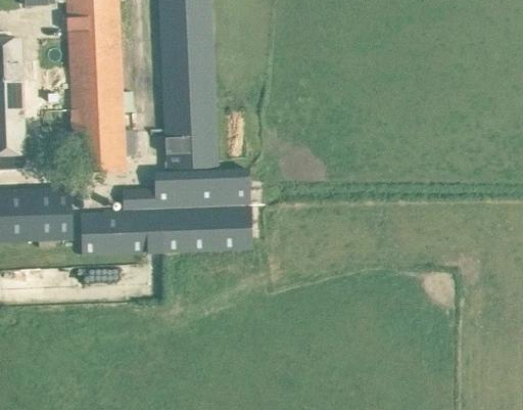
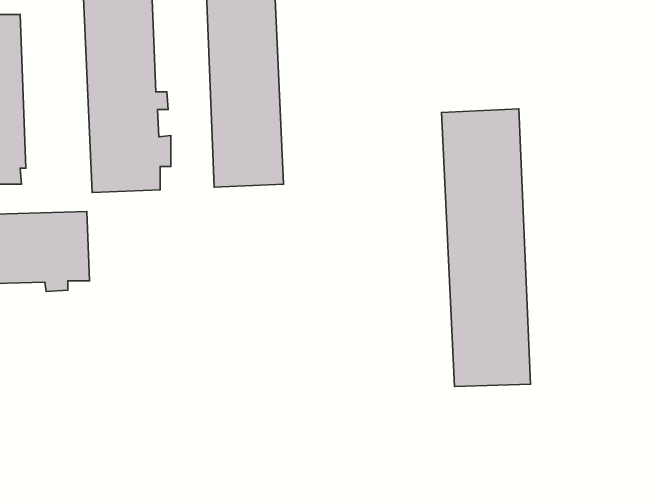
building: none -> [442,109,530,386]
building: [81,176,252,255] -> none

